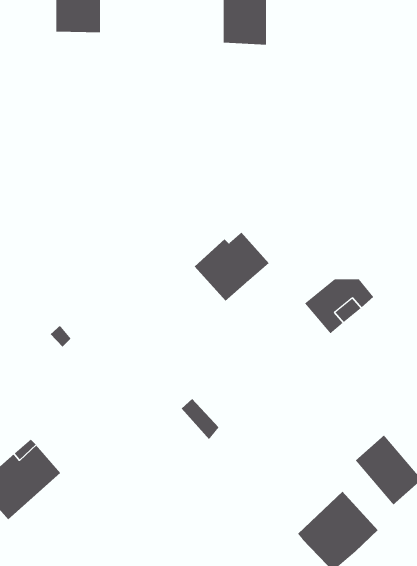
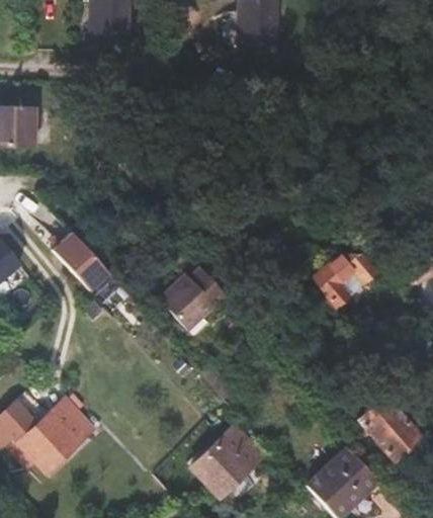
building: [194,232,270,302] -> [159,267,227,330]
building: none -> [58,236,111,291]
building: none -> [192,425,263,496]

